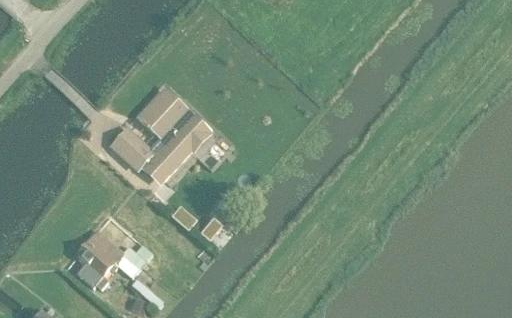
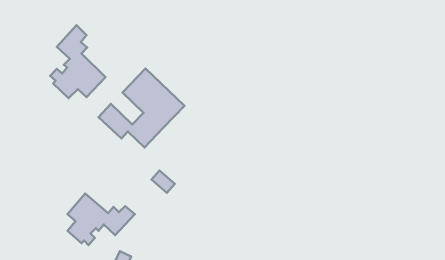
building: none -> [50,25,106,98]

